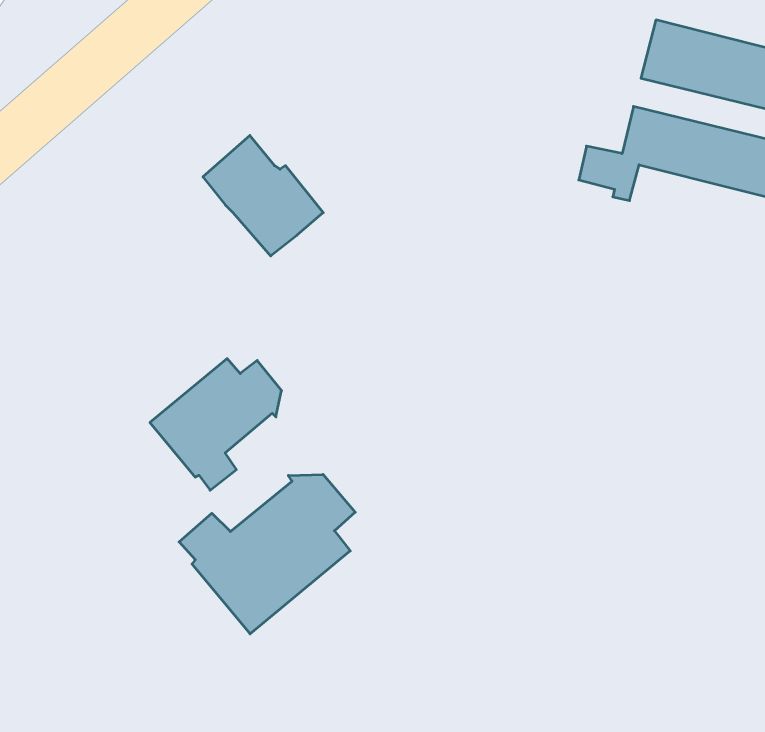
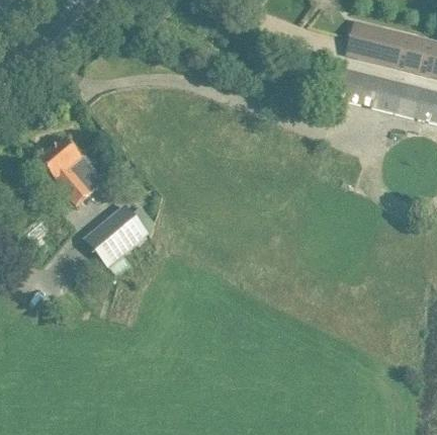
building: [203,135,323,256] -> [39,140,104,204]
building: [179,474,355,634] -> none

